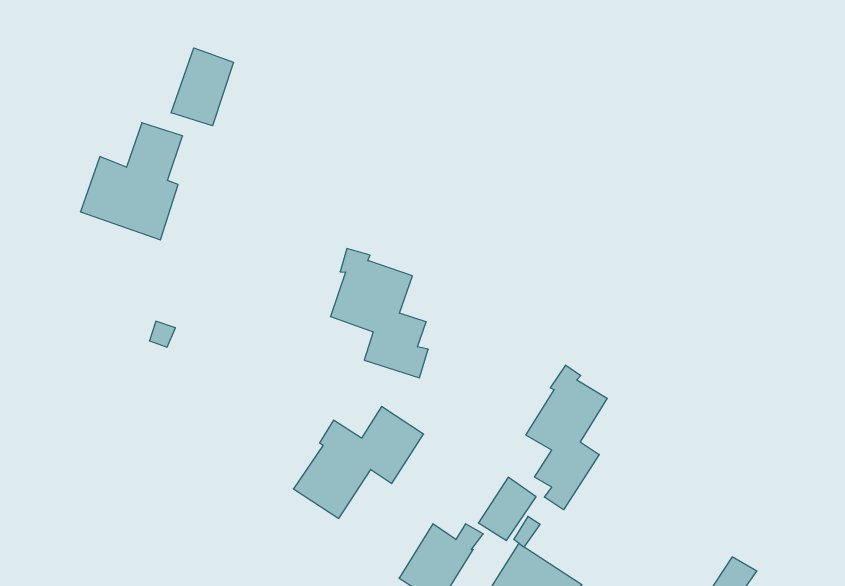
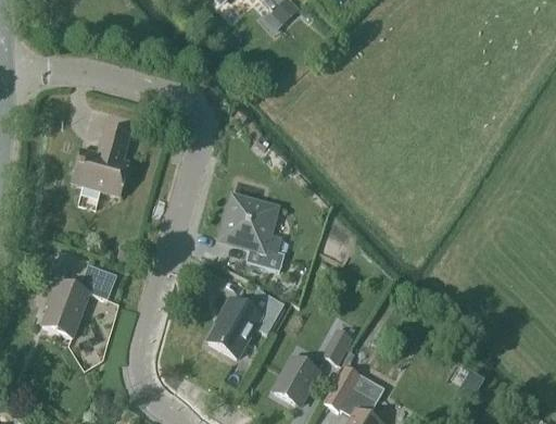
building: [171,48,233,126] -> none
building: none -> [41,263,116,336]
building: [526,365,607,510] -> none

